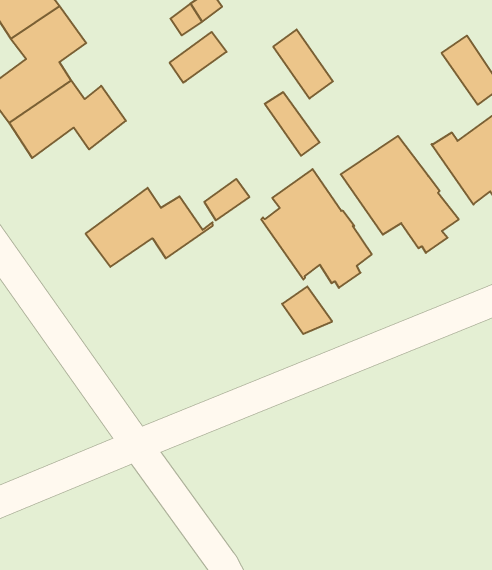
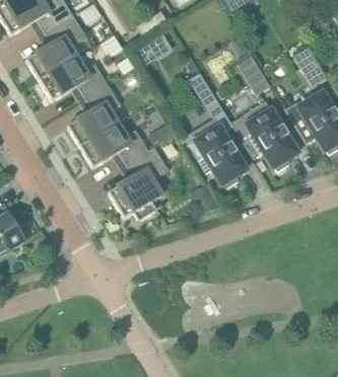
building: [273,29,333,99] -> [238,53,271,93]
building: none -> [68,82,122,146]
building: none -> [110,146,170,220]

